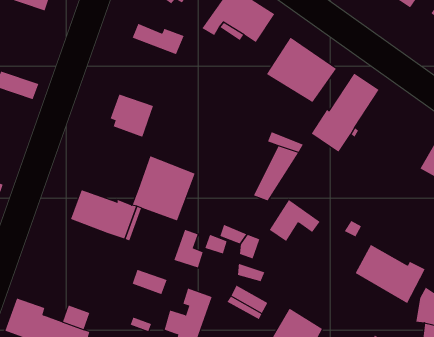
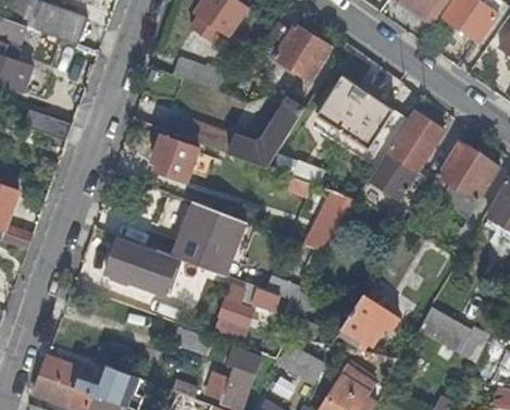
building: none -> [175,98,302,166]
building: none -> [435,140,498,210]
building: [269,199,320,242] -> [340,295,397,341]

